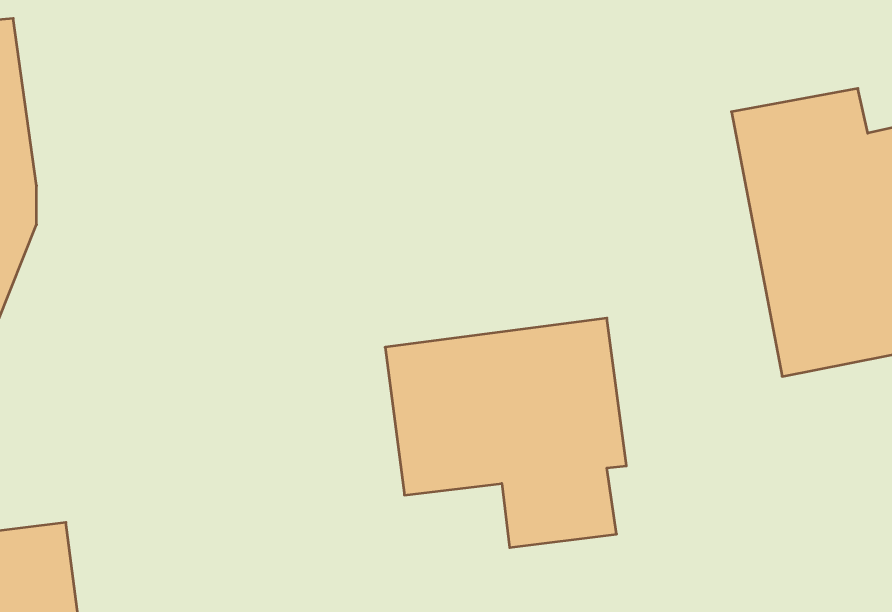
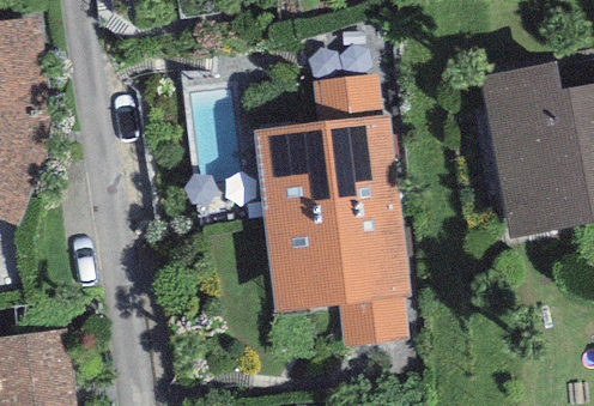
building: none -> [251,72,400,222]

